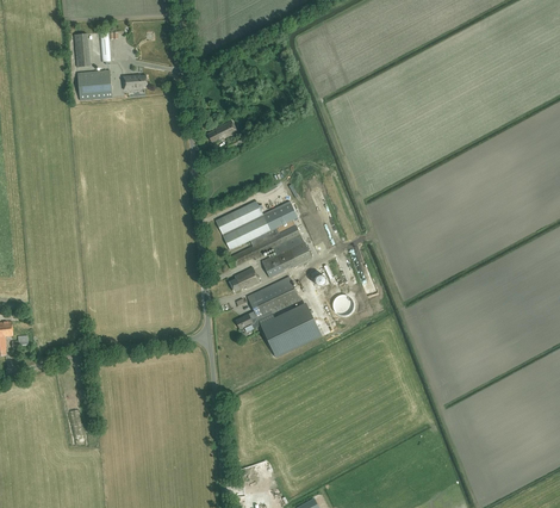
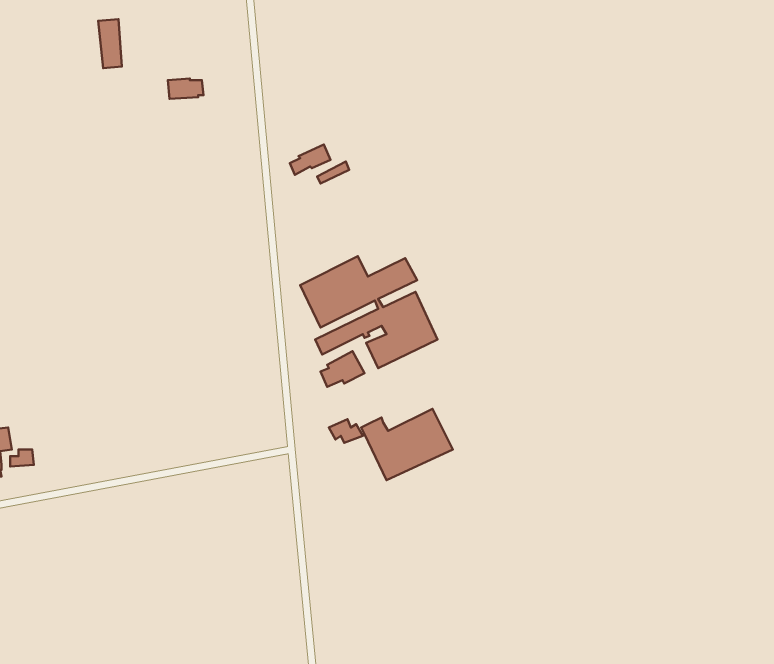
building: [77,69,112,100] -> none
building: [248,275,300,320] -> none

